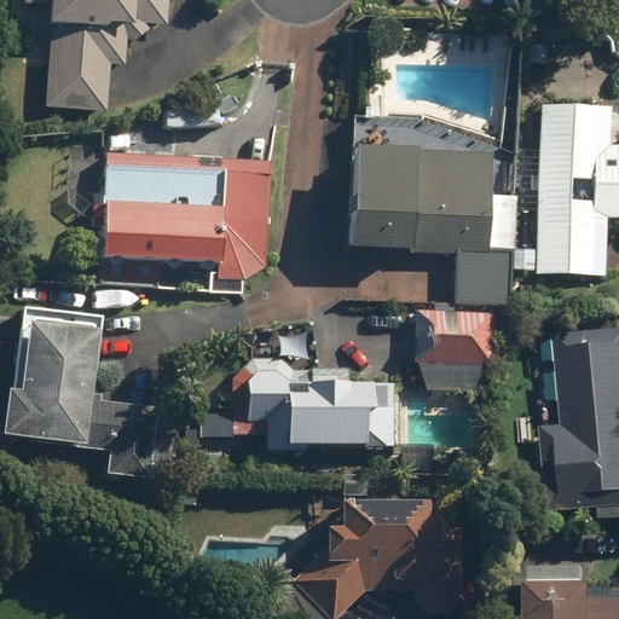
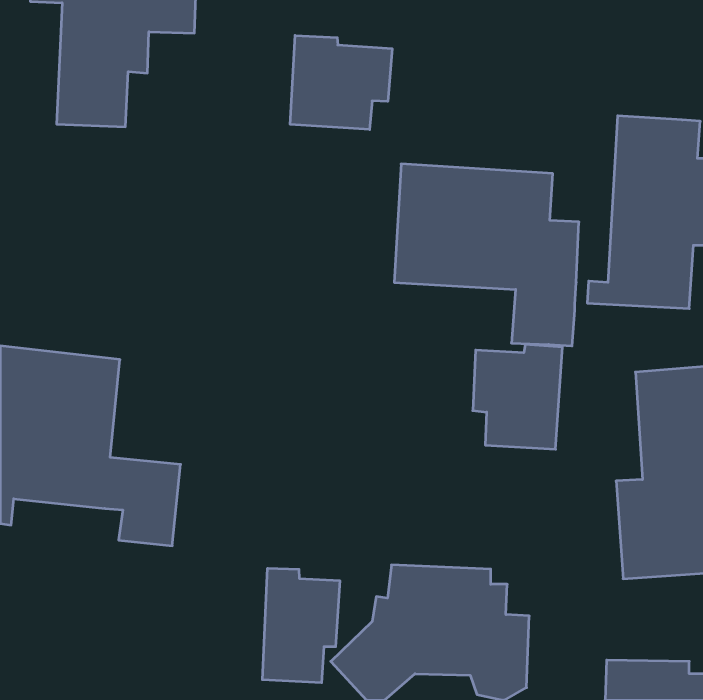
building: none -> [290,35,392,130]
building: [92,147,279,268] -> none
building: [245,355,384,455] -> none
building: none -> [262,568,340,683]

